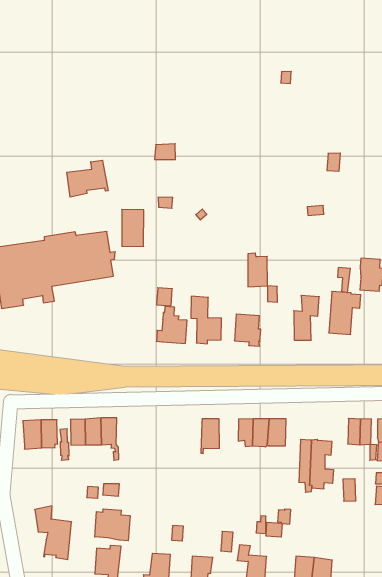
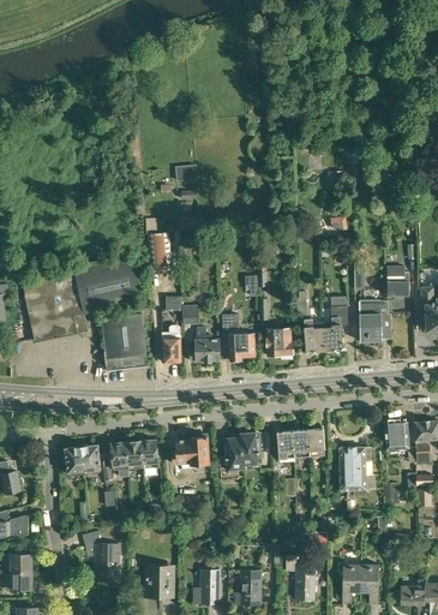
building: [67,160,108,197] -> none
building: [248,253,268,287] -> [305,320,326,353]
building: none -> [101,308,150,371]
building: none -> [162,326,181,363]
building: none -> [173,437,209,465]
building: none -> [218,438,242,473]
building: [95,509,130,541] -> none

